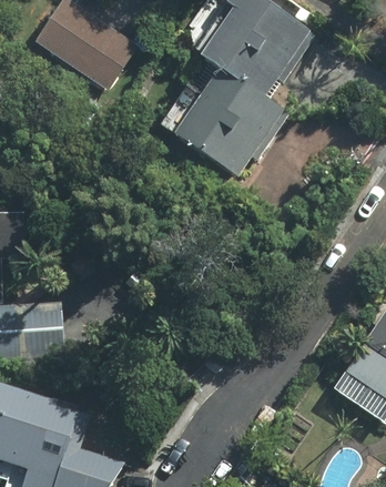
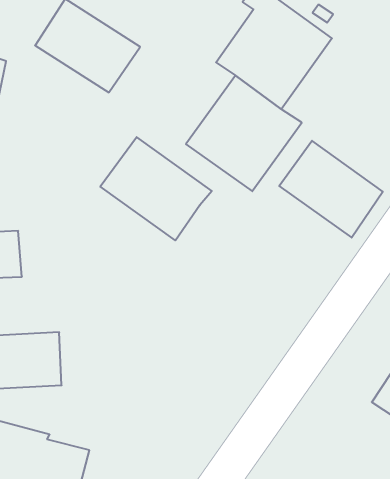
building: none -> [100,137,212,240]
building: none -> [279,141,383,238]

